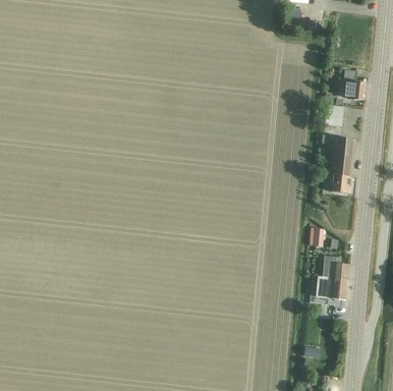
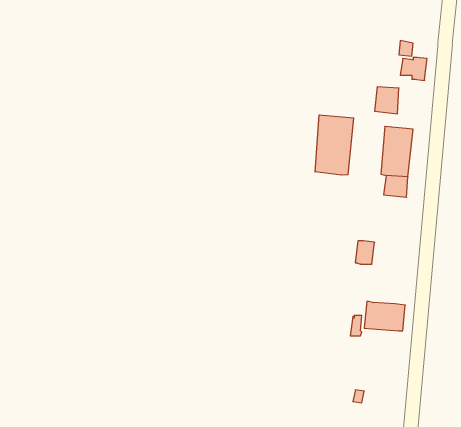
building: none -> [315,115,354,175]
building: [322,255,348,278] -> none

